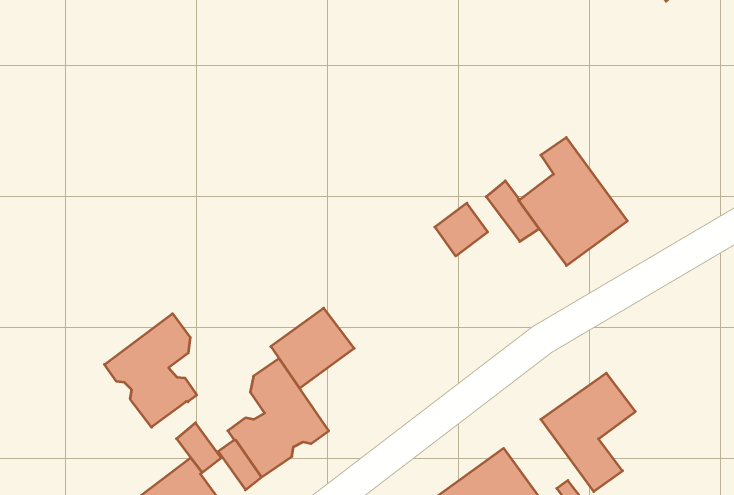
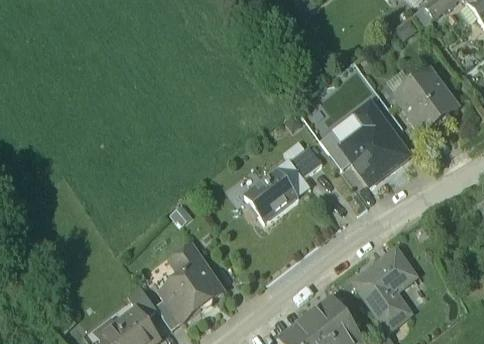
building: none -> [395,70,455,133]
building: [271,308,354,388] -> [245,170,297,220]
building: [104,314,197,427] -> none

